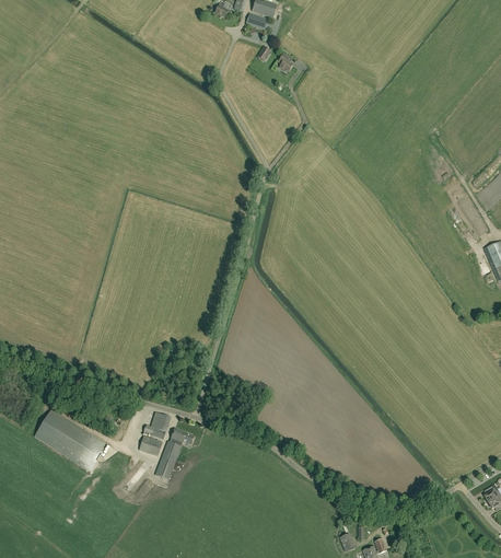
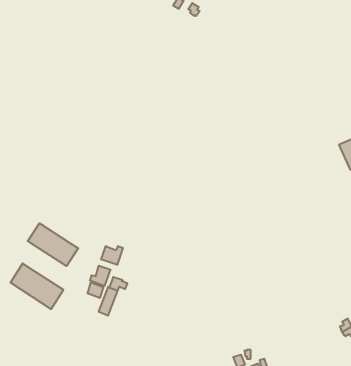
building: none -> [28,223,78,266]
building: none -> [101,246,123,265]

